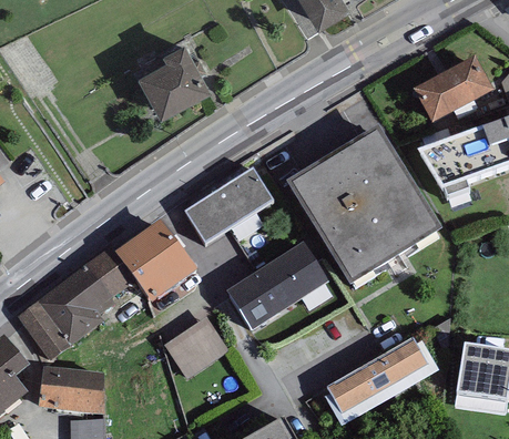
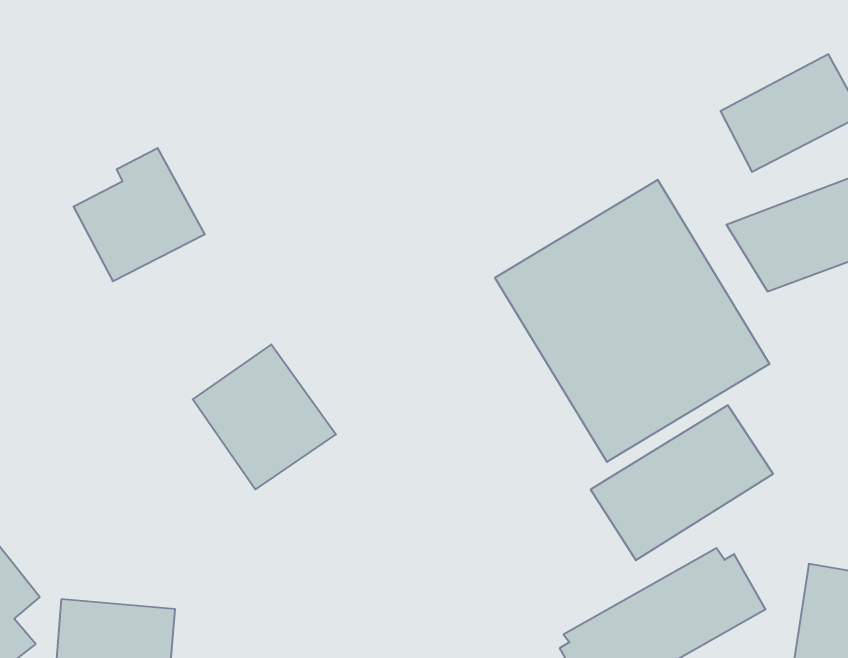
building: [138,39,212,114] -> [73,148,205,281]
building: [184,167,272,241] -> none
building: [225,243,328,330] -> [591,405,773,560]
building: [17,245,135,359] -> none
building: [163,314,227,374] -> none

